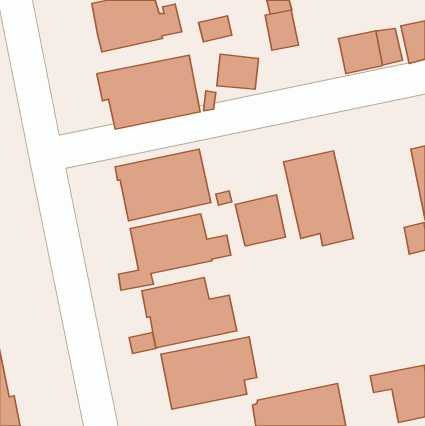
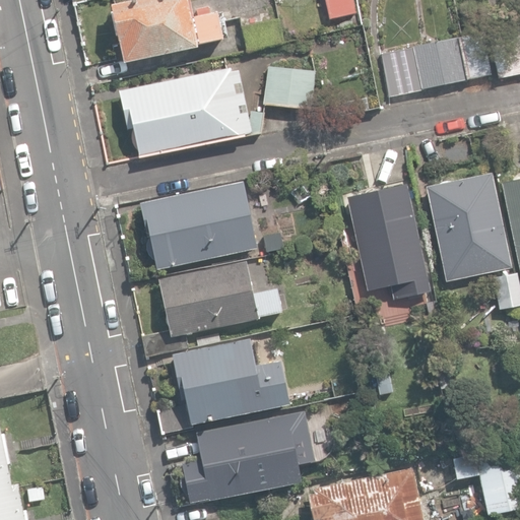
building: [265,10,299,50] -> [381,47,421,95]
building: none -> [427,172,511,280]
building: [235,195,286,246] -> none

